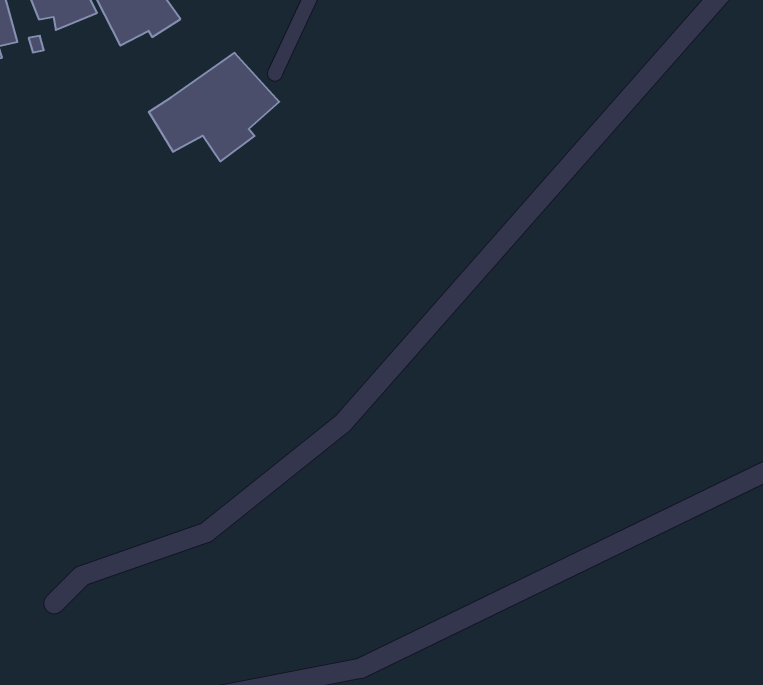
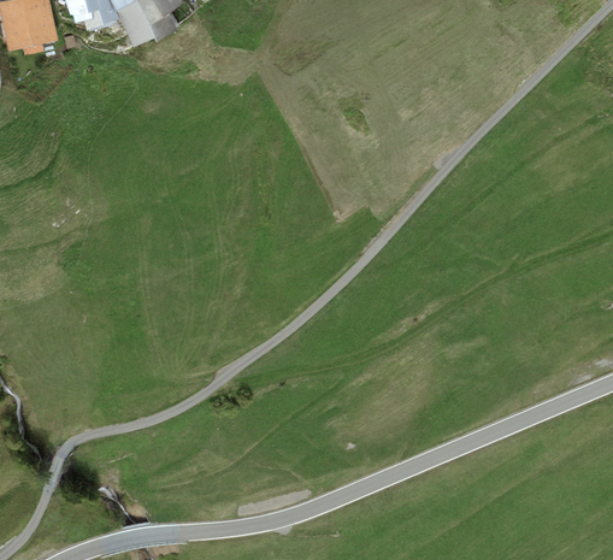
building: [149,53,279,161] -> none

